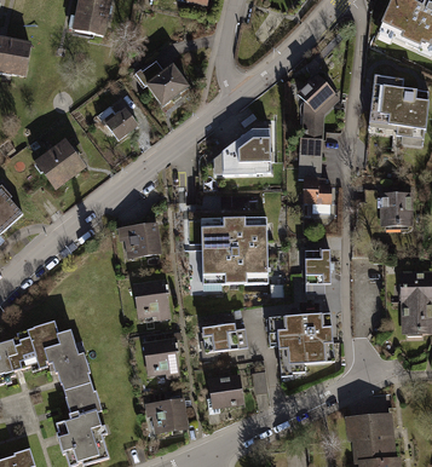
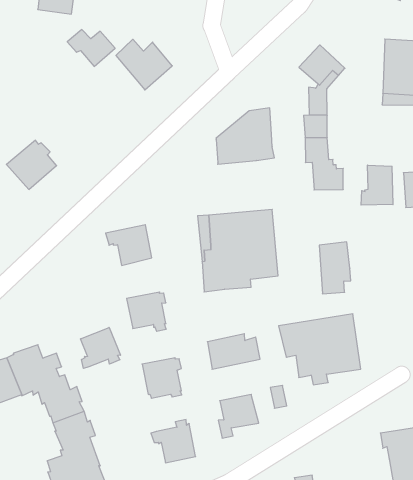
building: [96,105,137,138] -> [67,30,115,66]
building: none -> [361,165,393,205]
building: none -> [81,327,120,368]

